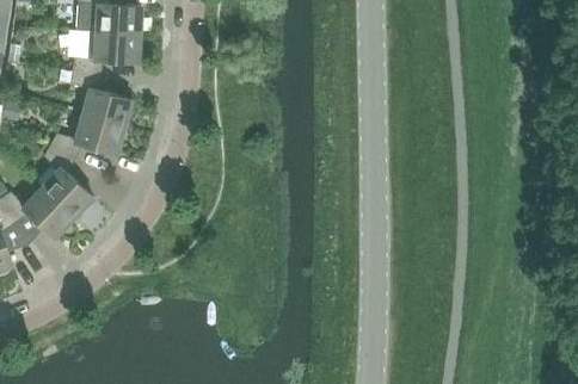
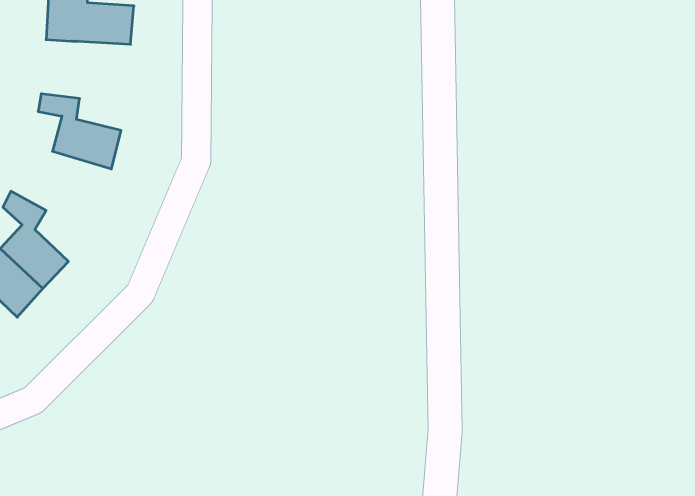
building: [72,32,139,75] -> none
building: [49,114,124,159] -> none

